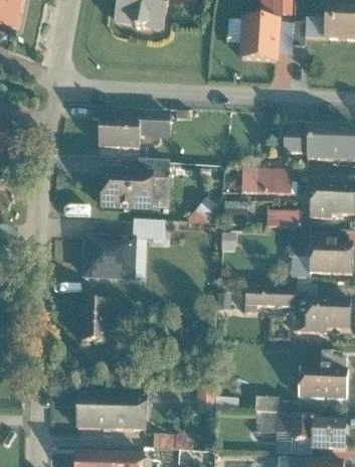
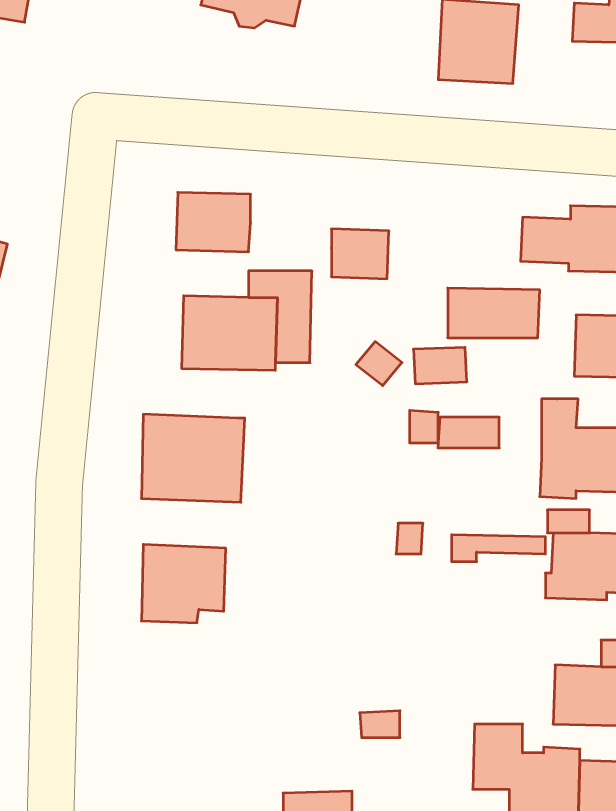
building: [139,109,169,135] -> [331,229,389,279]
building: [268,210,300,226] -> [438,417,499,448]
building: [132,218,165,239] -> none
building: [78,394,150,431] -> none

